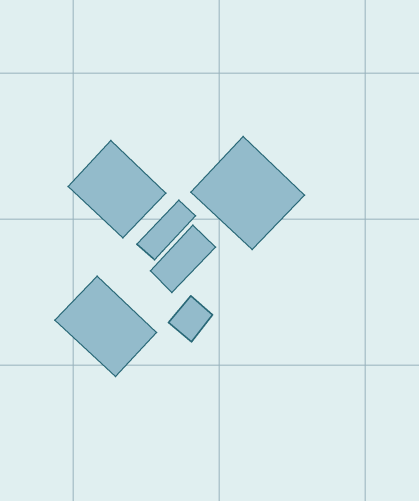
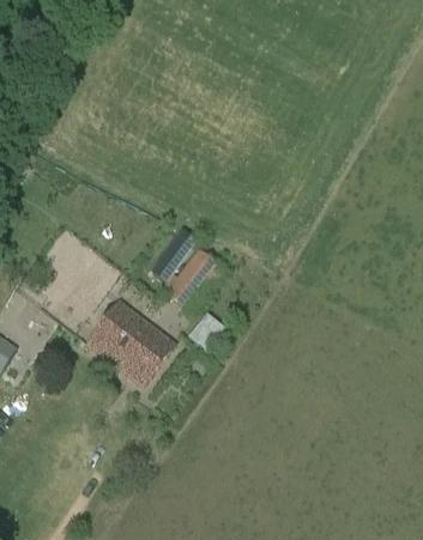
building: [191,137,305,249] -> none
building: [68,141,166,238] -> none

